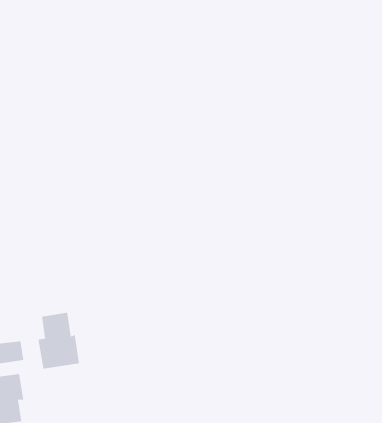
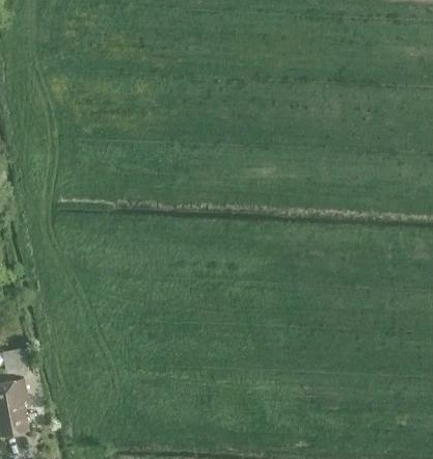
building: [38,312,80,369] -> none

